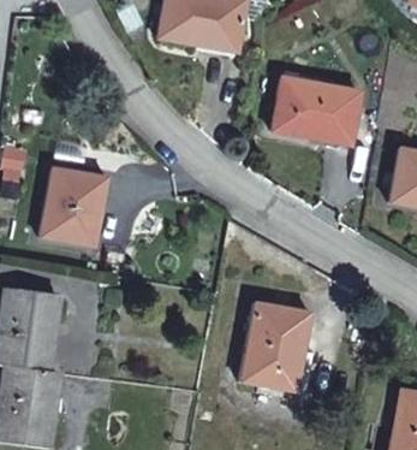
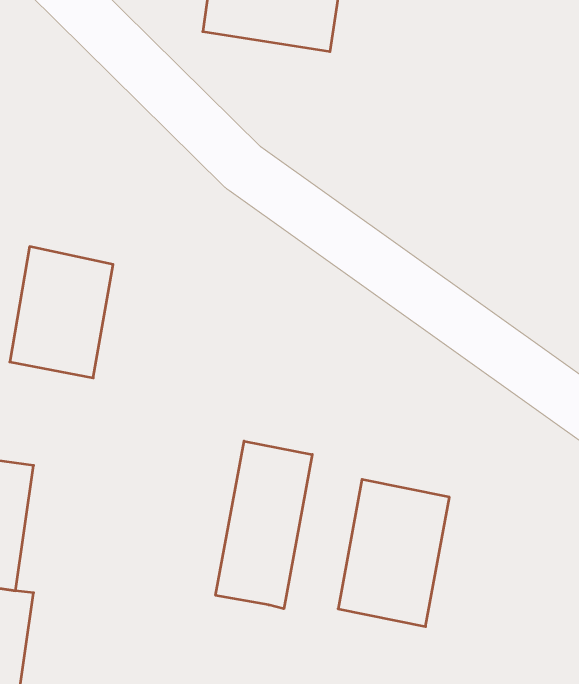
building: [276,73,364,141] -> none
building: none -> [216,441,312,609]

